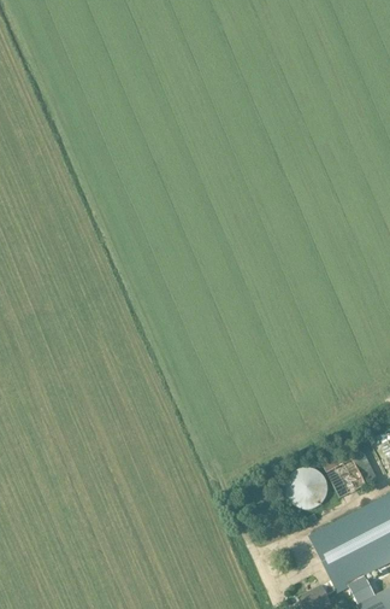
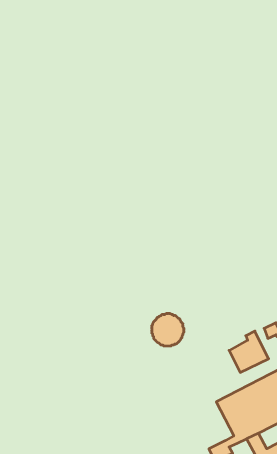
building: [285,467,327,509] -> [152,314,184,346]

